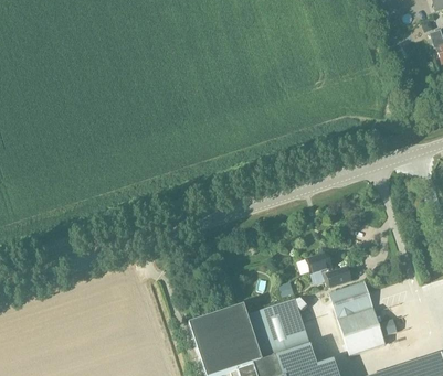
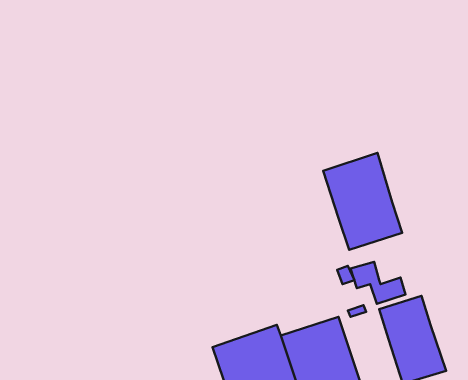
building: none -> [323,153,402,250]

